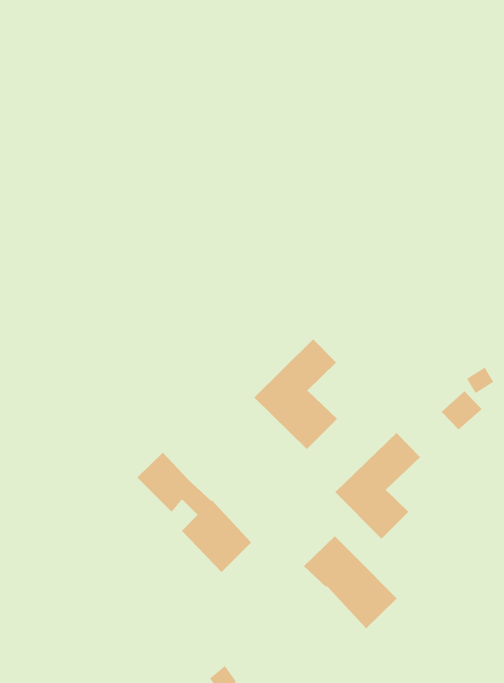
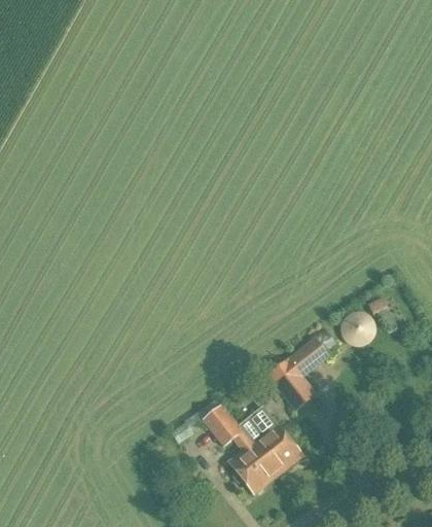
building: [253,338,338,450] -> none
building: [137,452,252,573] -> [201,403,278,494]

